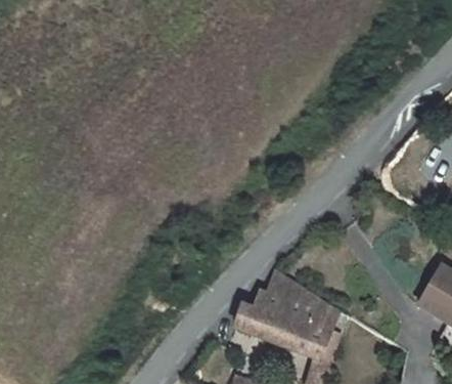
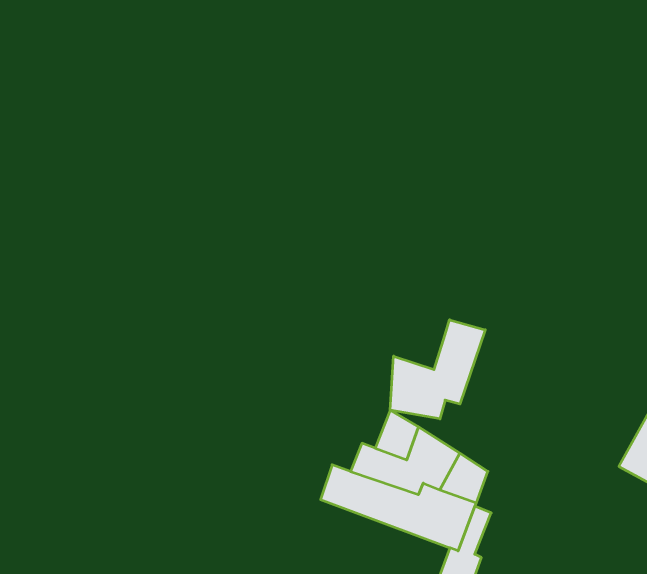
building: none -> [390,320,485,419]

